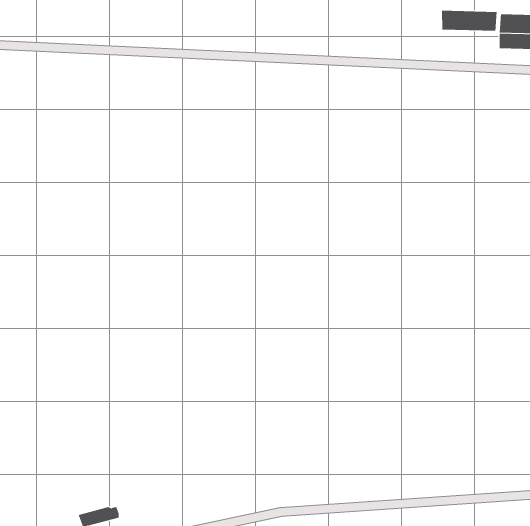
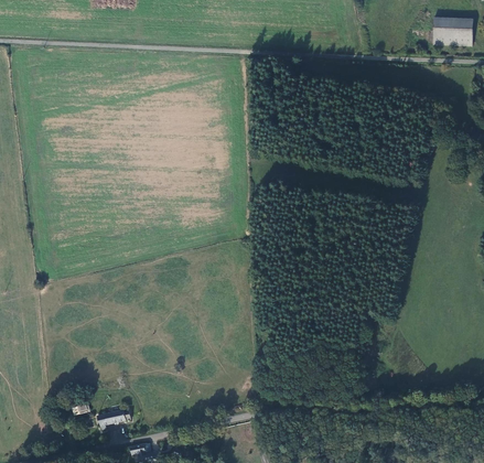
building: [441,10,497,32] -> none

